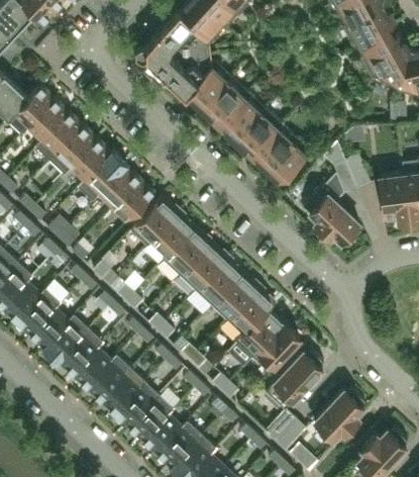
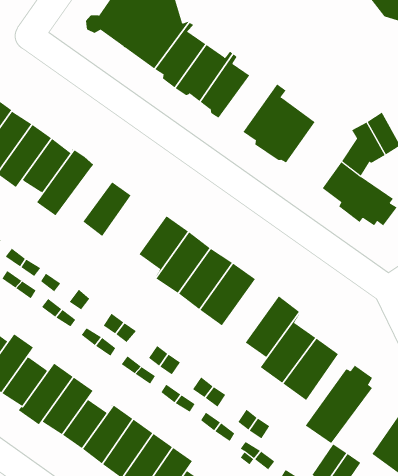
building: [230,107,280,155] -> none
building: [92,167,139,208] -> none
building: [131,197,179,246] -> none
building: [211,272,258,320] -> none

